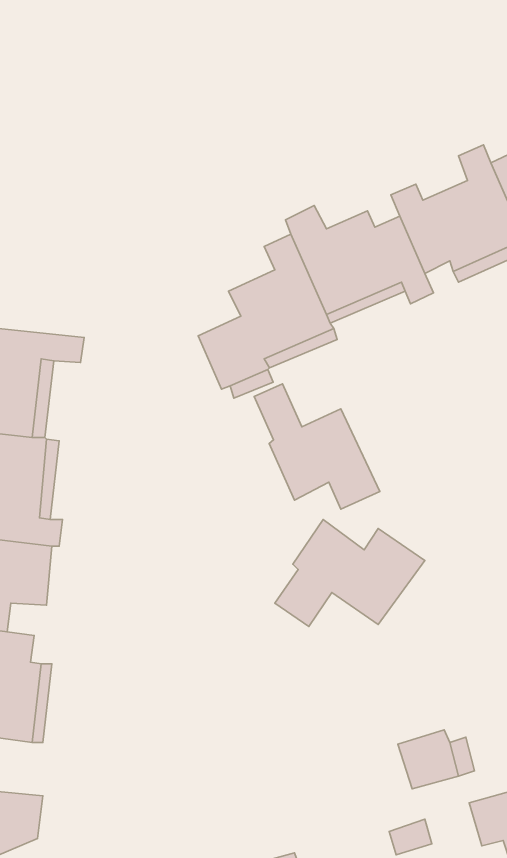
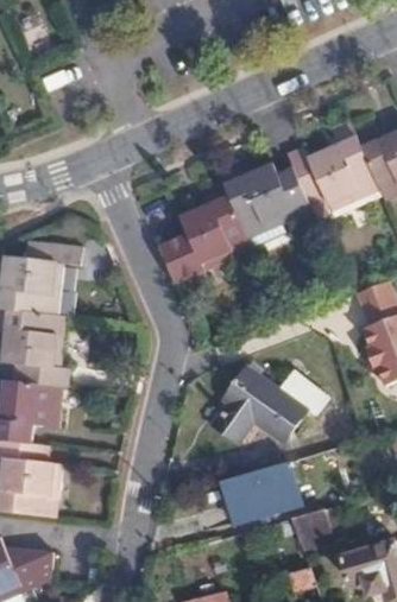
building: [254,384,380,509] -> none
building: none -> [222,462,298,524]

